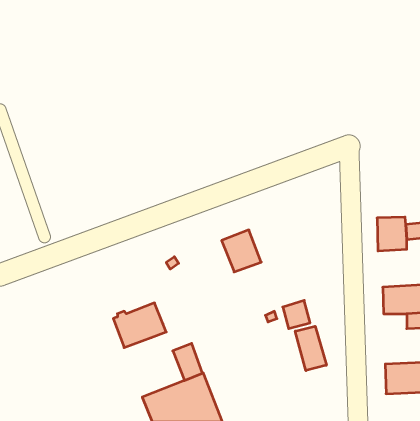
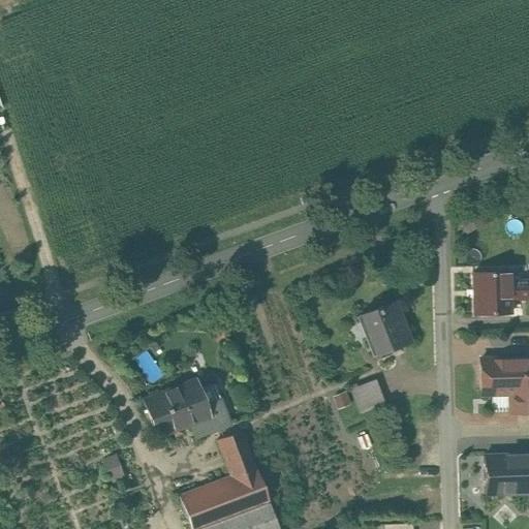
building: [222,230,261,272] -> [362,302,411,354]
building: none -> [192,400,231,437]
building: [295,326,326,371] -> none

